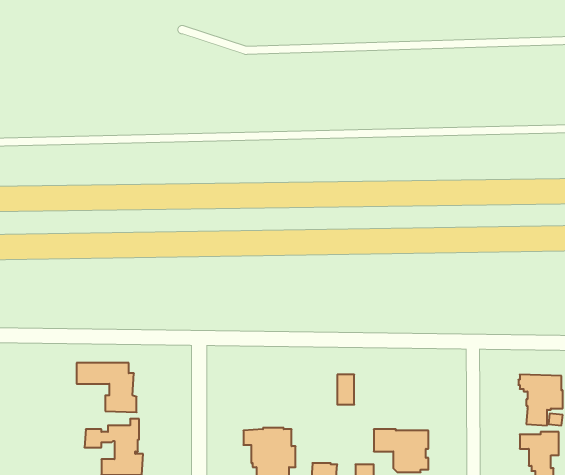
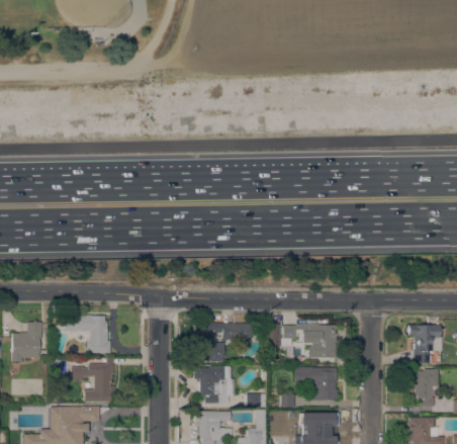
building: none -> [12,323,40,362]
building: none -> [194,324,252,363]
building: none -> [283,325,337,358]

